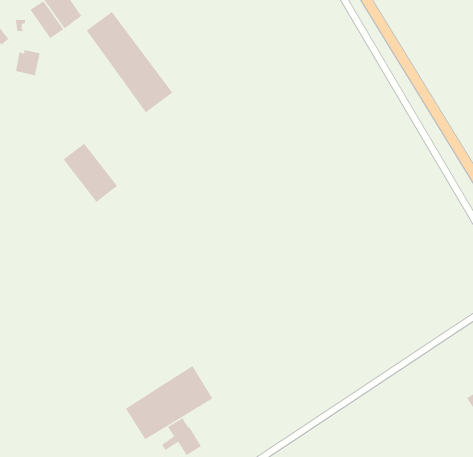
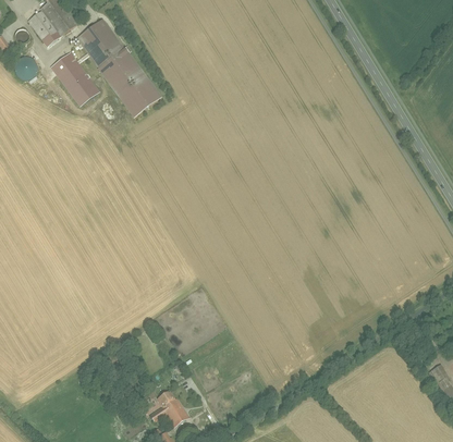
building: [63,143,118,203] -> [49,51,99,106]
building: [125,365,213,440] -> none

